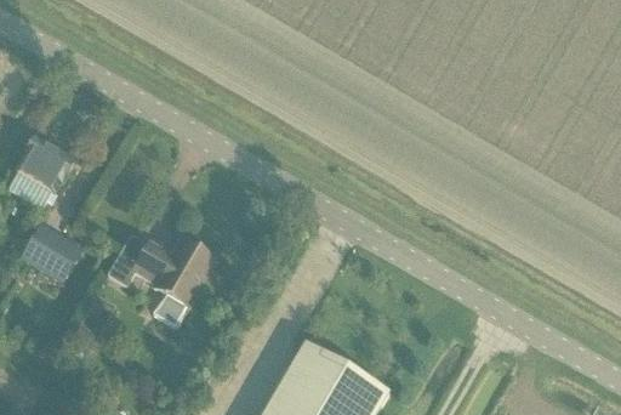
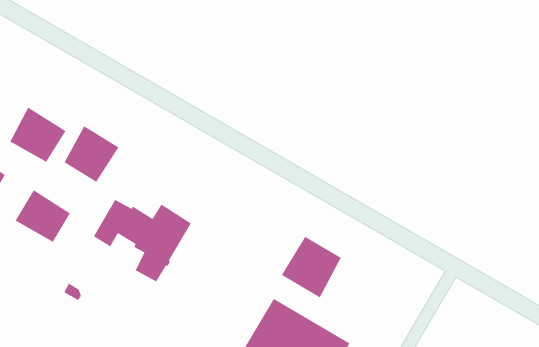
building: none -> [63,125,119,183]
building: none -> [281,236,342,298]

